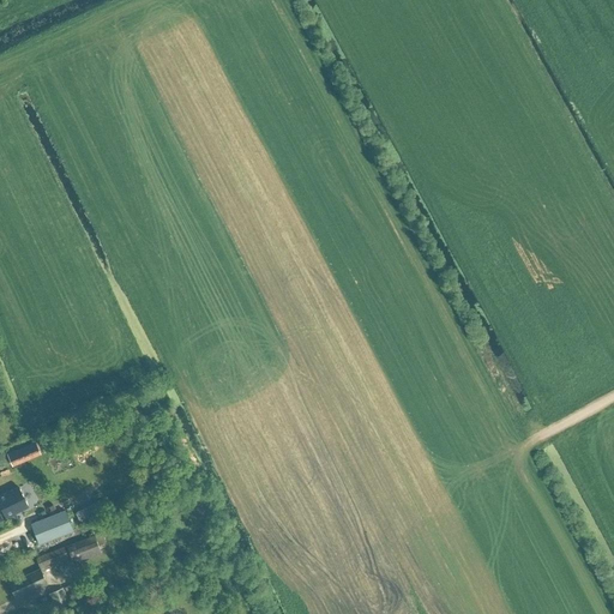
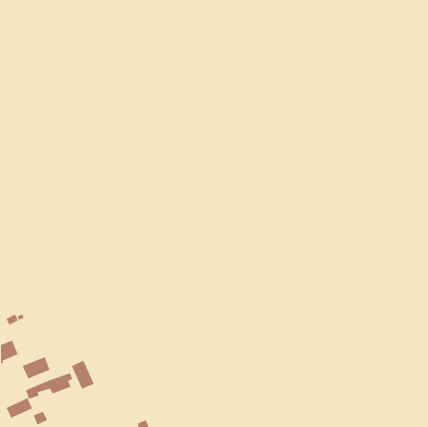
building: none -> [71,360,95,389]

